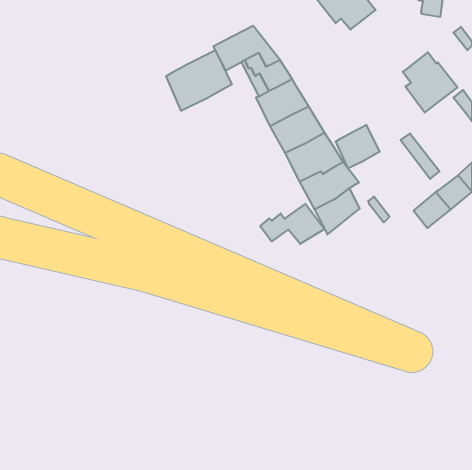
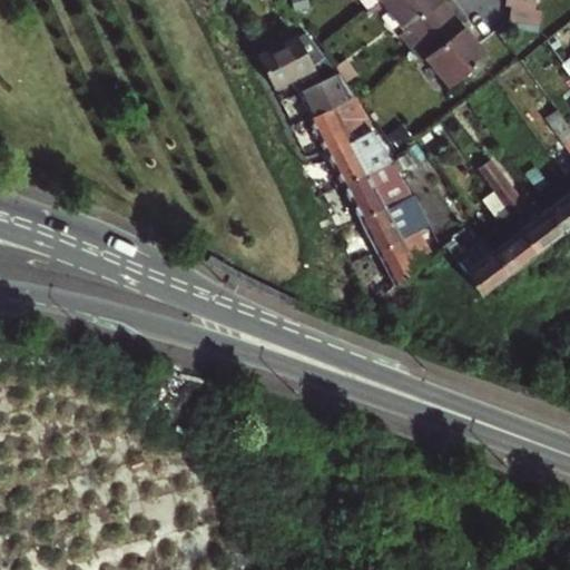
building: [166,50,232,111] -> none
building: [403,52,457,113] -> [421,12,487,85]
building: [336,125,380,169] -> none
building: [260,204,325,244] -> none
building: none -> [468,253,513,296]

